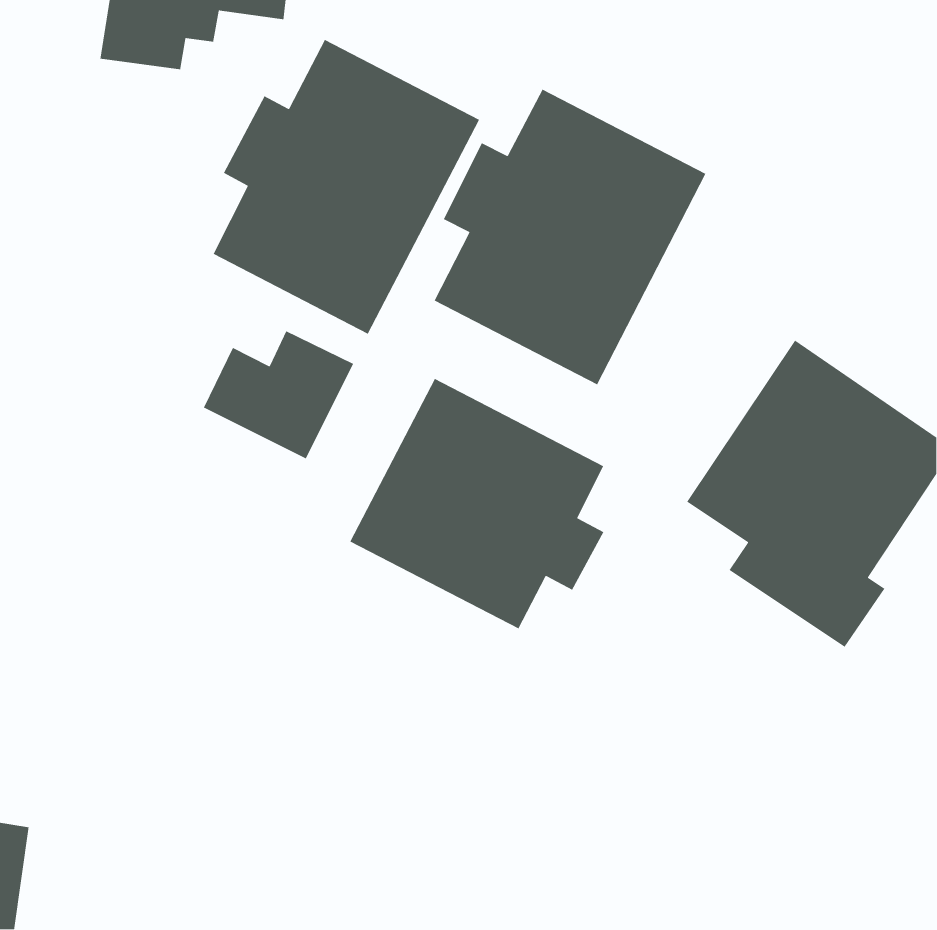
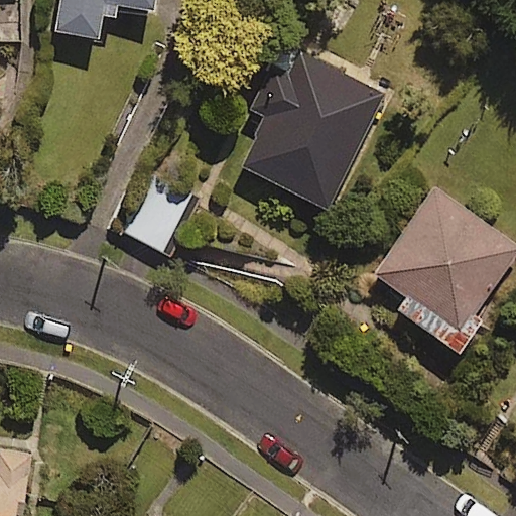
building: [212,39,480,335] -> none
building: [349,378,605,630] -> none

